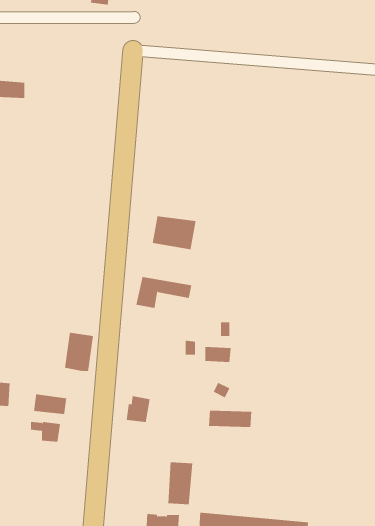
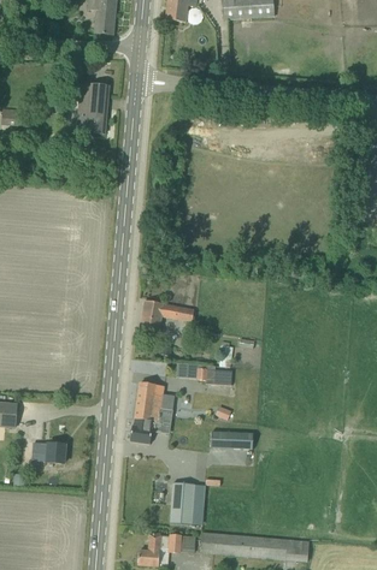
building: none -> [70,82,110,132]
building: [152,215,196,250] -> none
building: [64,332,94,371] -> [136,381,165,420]
building: [33,394,67,415] -> none

